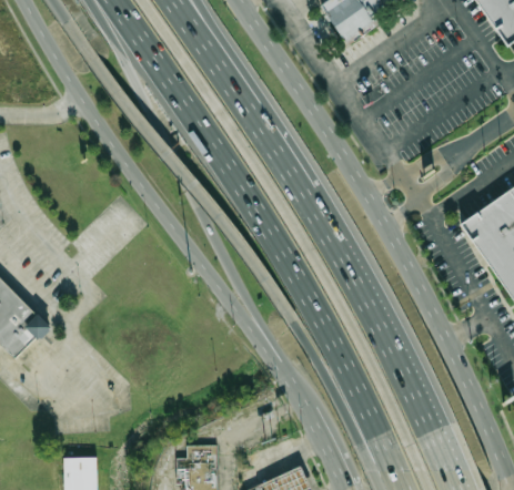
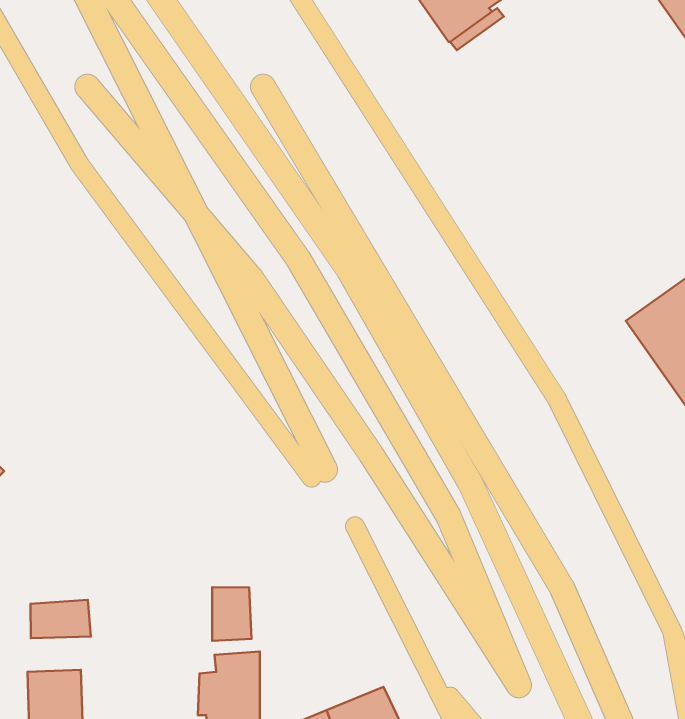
building: none -> [212,587,252,641]
building: none -> [30,600,91,638]

